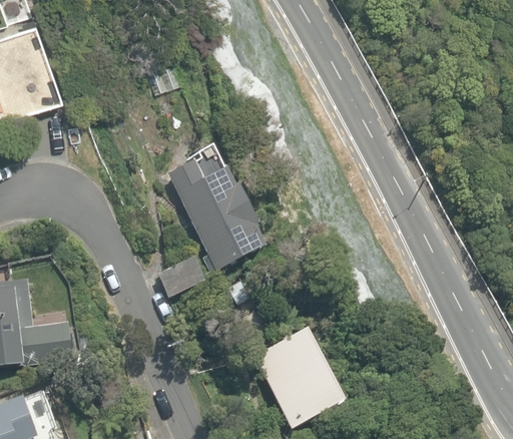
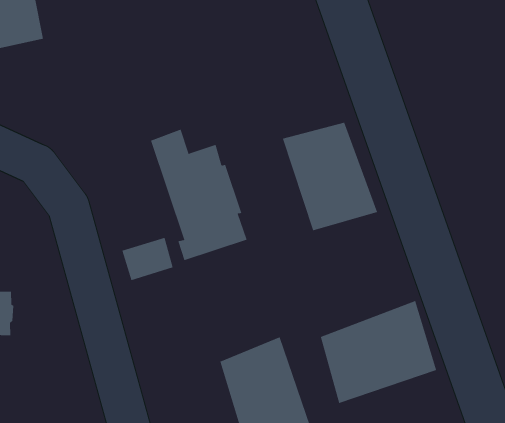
building: none -> [282,122,378,231]
building: none -> [320,300,437,404]

